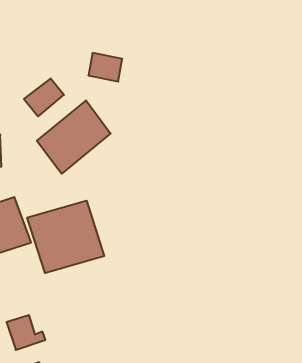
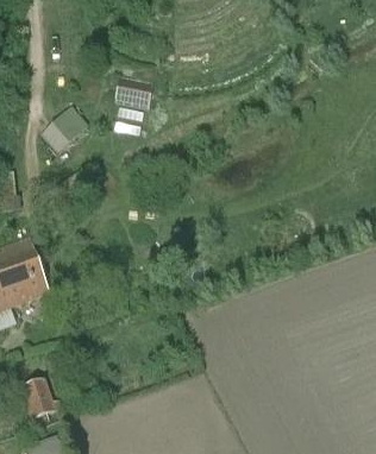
building: [37,100,111,174] -> none
building: [27,201,104,273] -> none

